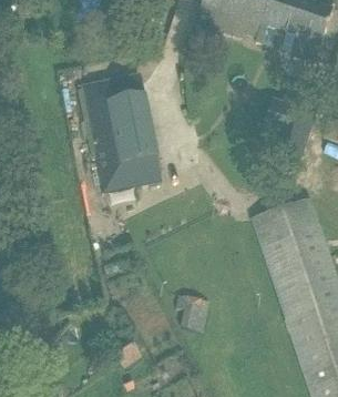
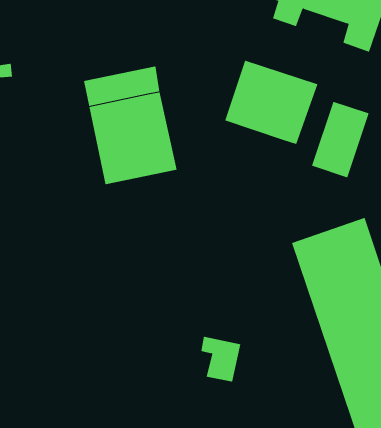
building: none -> [224,60,318,145]
building: [98,157,162,194] -> none

